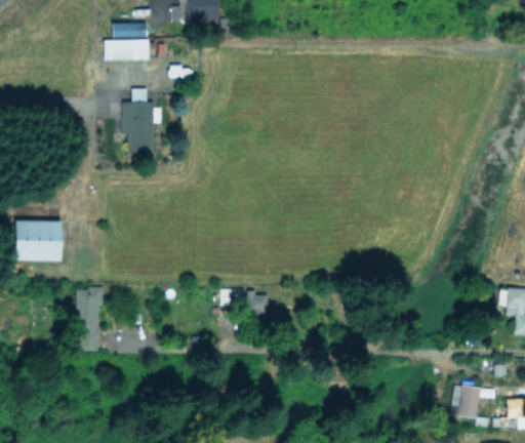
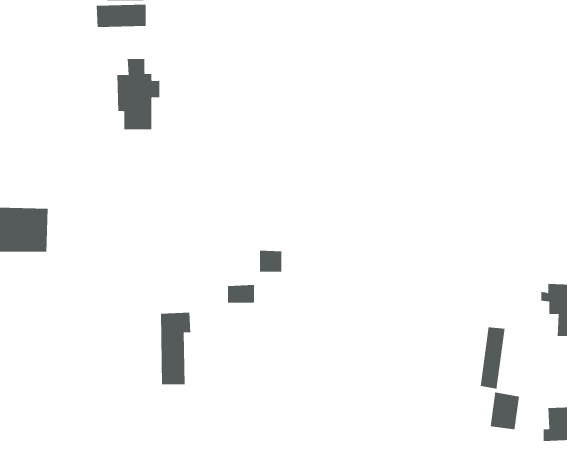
building: [76,287,104,352] -> [160,312,191,385]
building: [247,293,268,313] -> [259,250,282,272]
building: none -> [480,326,505,389]

